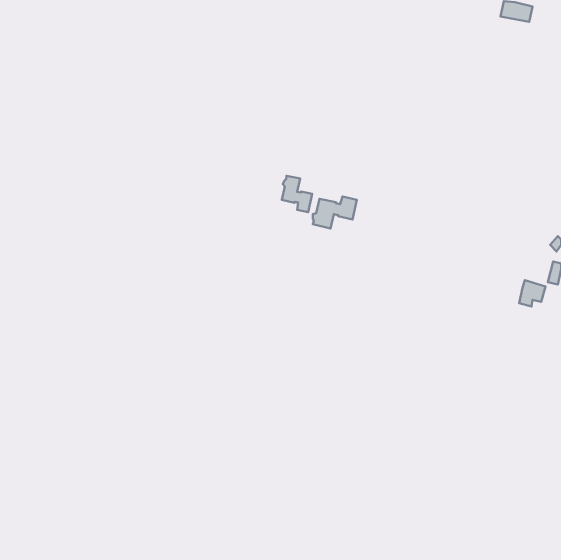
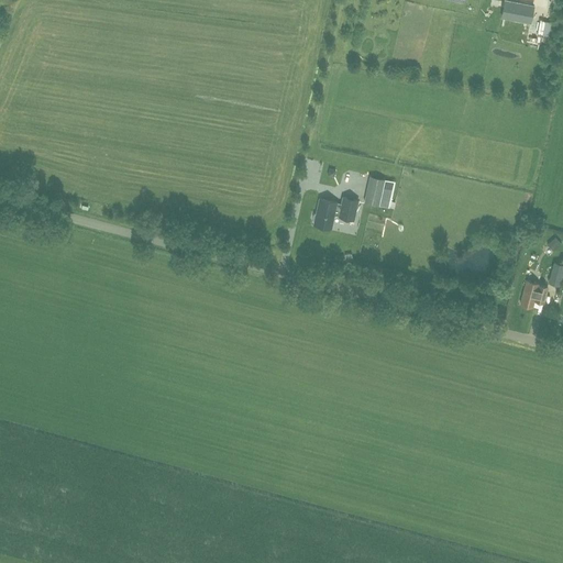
building: none -> [364,177,393,209]
building: [282,176,312,212] -> none

